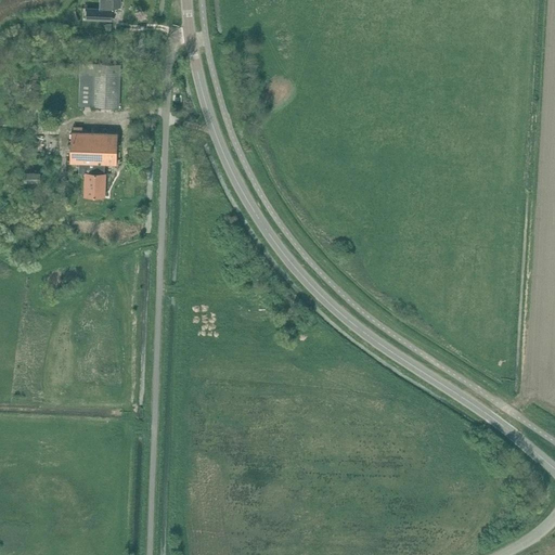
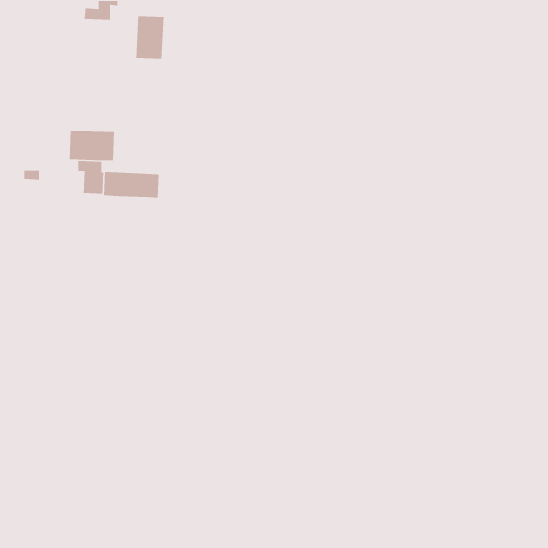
building: [91,64,120,108] -> [135,15,164,59]
building: none -> [103,171,159,199]

